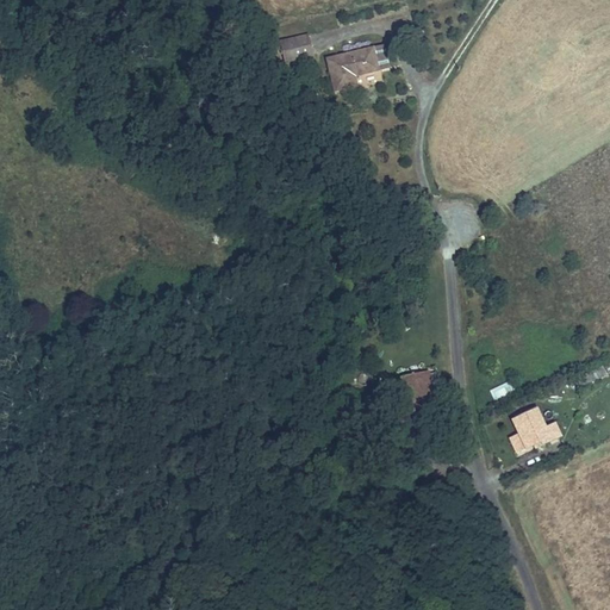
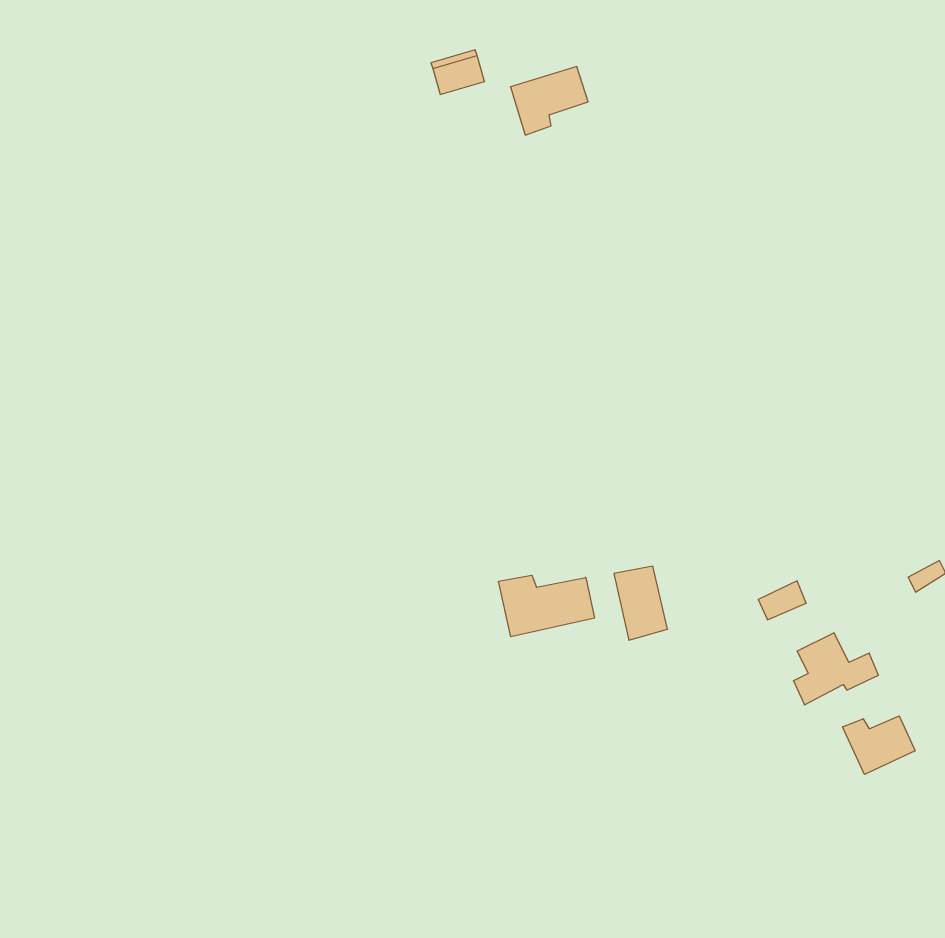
building: none -> [499,575,594,637]
building: none -> [843,716,915,774]

